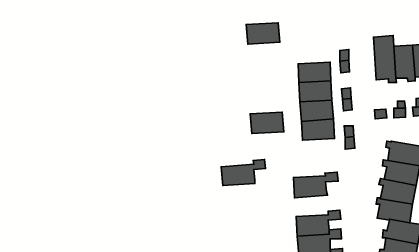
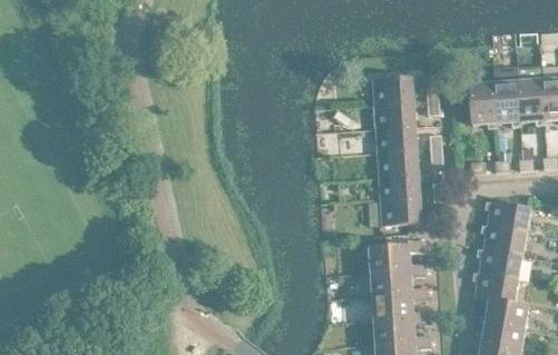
building: [246,23,280,44] -> [372,78,414,105]
building: [250,112,284,134] -> [380,198,422,225]
building: [221,160,265,185] -> [370,264,425,296]

